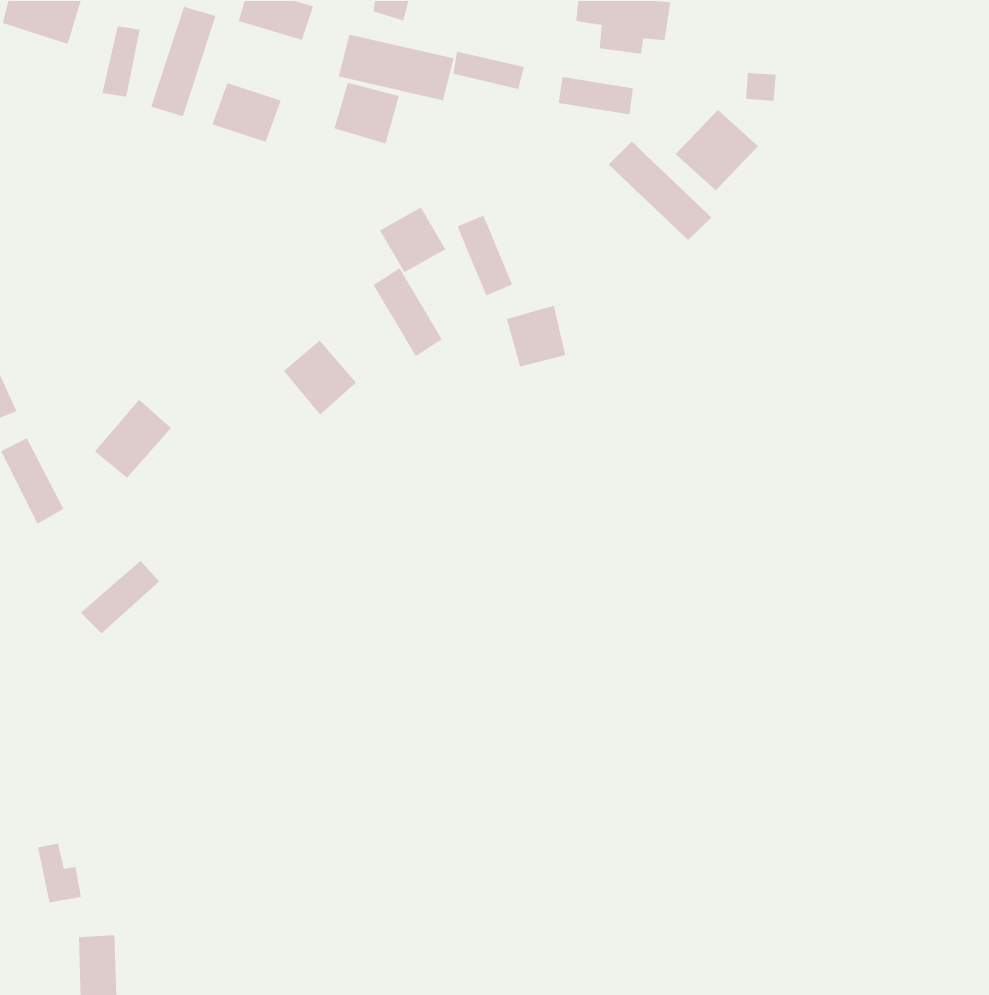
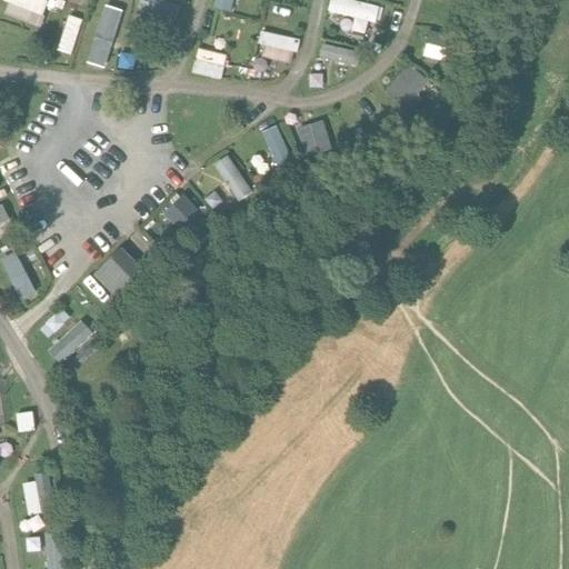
building: [338,34,454,101] -> none
building: [211,82,282,143] -> none
building: [608,141,712,241] -> none
building: [379,207,447,273] -> none
building: [506,305,566,367] -> [296,119,330,154]
building: [94,399,172,479] -> [91,244,136,290]

